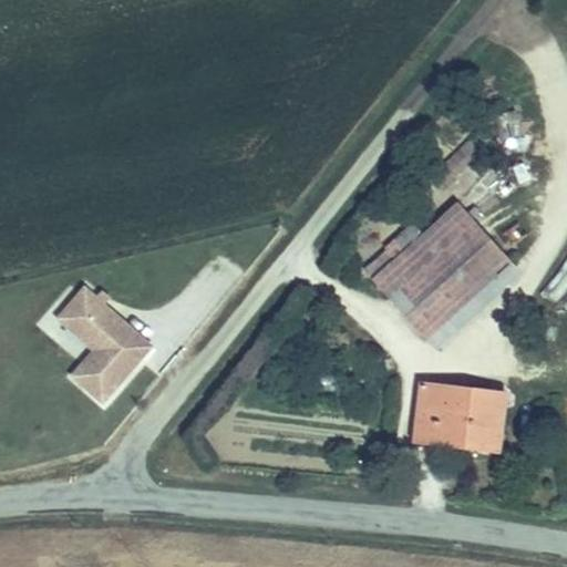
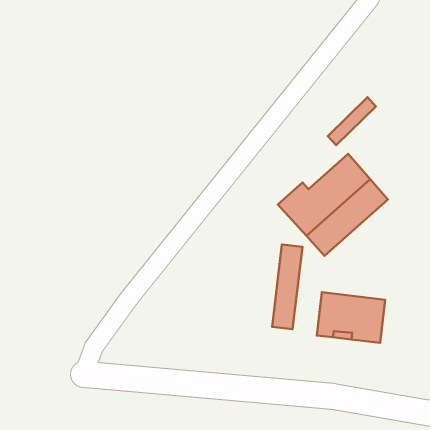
building: [58,288,150,401] -> none
building: none -> [272,245,302,329]

